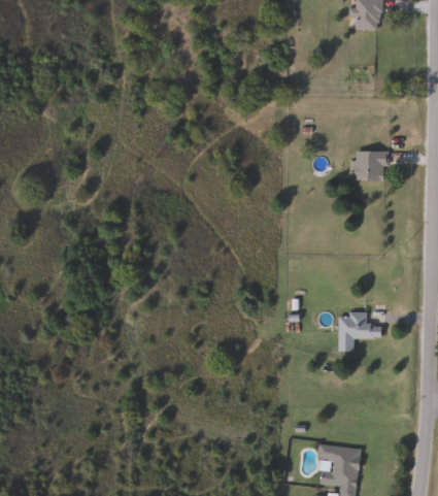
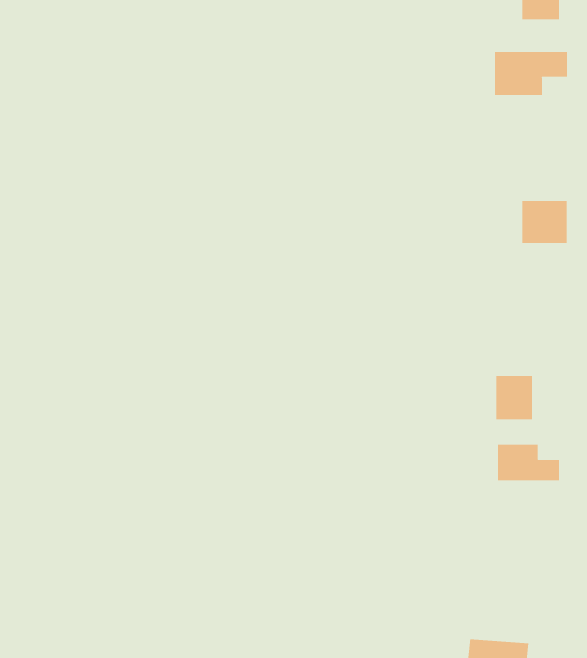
building: none -> [494,51,567,96]
building: none -> [496,375,532,420]

